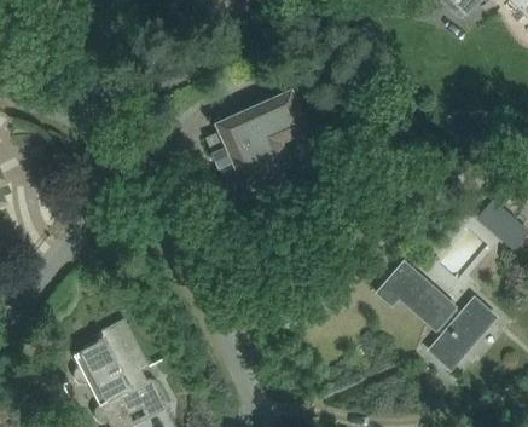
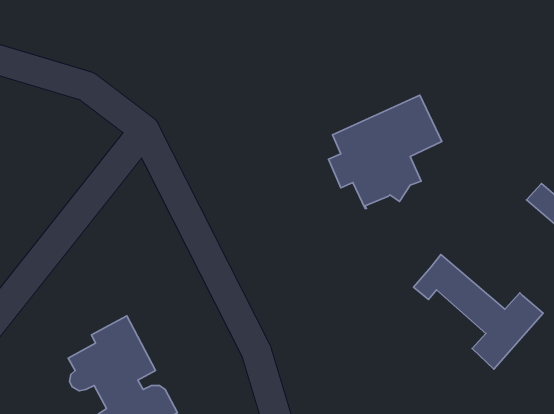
building: [211,88,312,189] -> [328,95,442,208]

